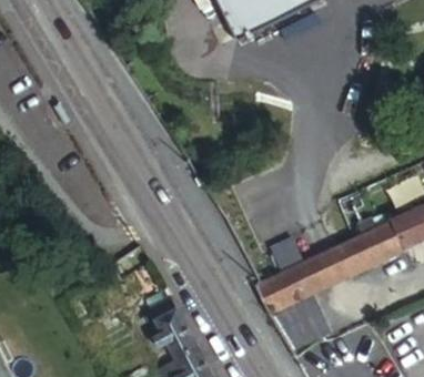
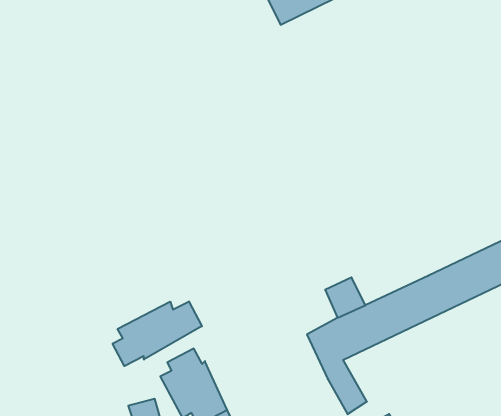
building: none -> [113,301,202,366]

